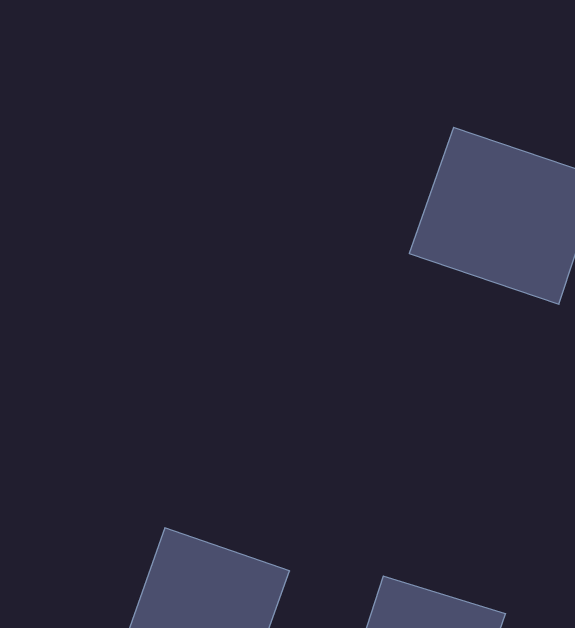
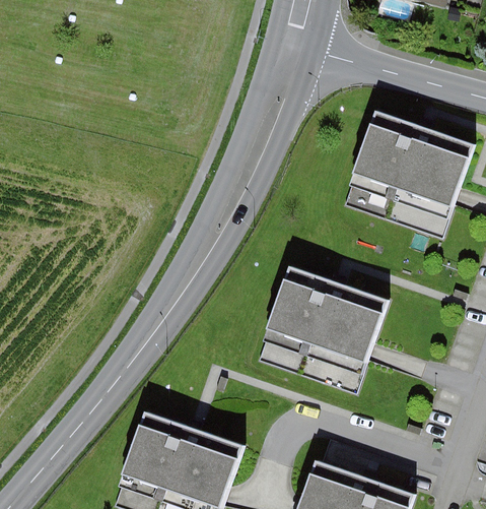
building: none -> [252,268,393,399]

